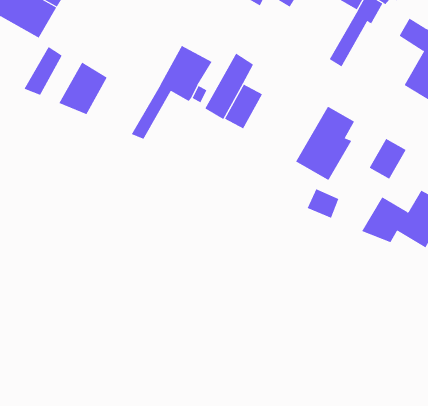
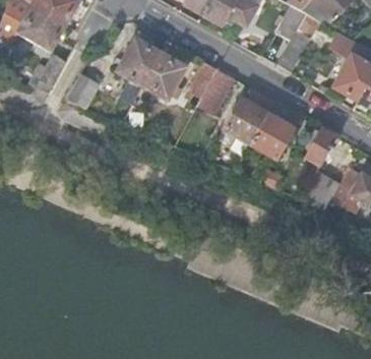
building: none -> [119,39,161,84]
building: none -> [224,88,275,144]

